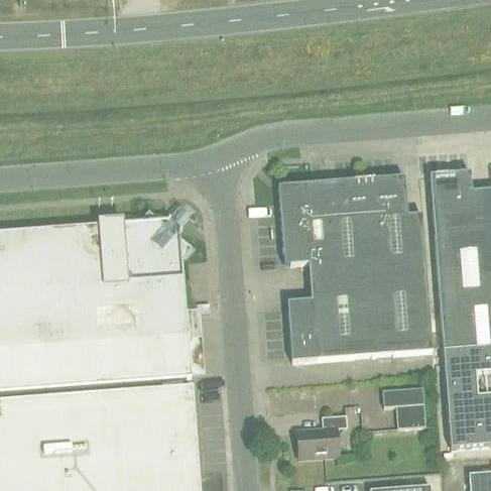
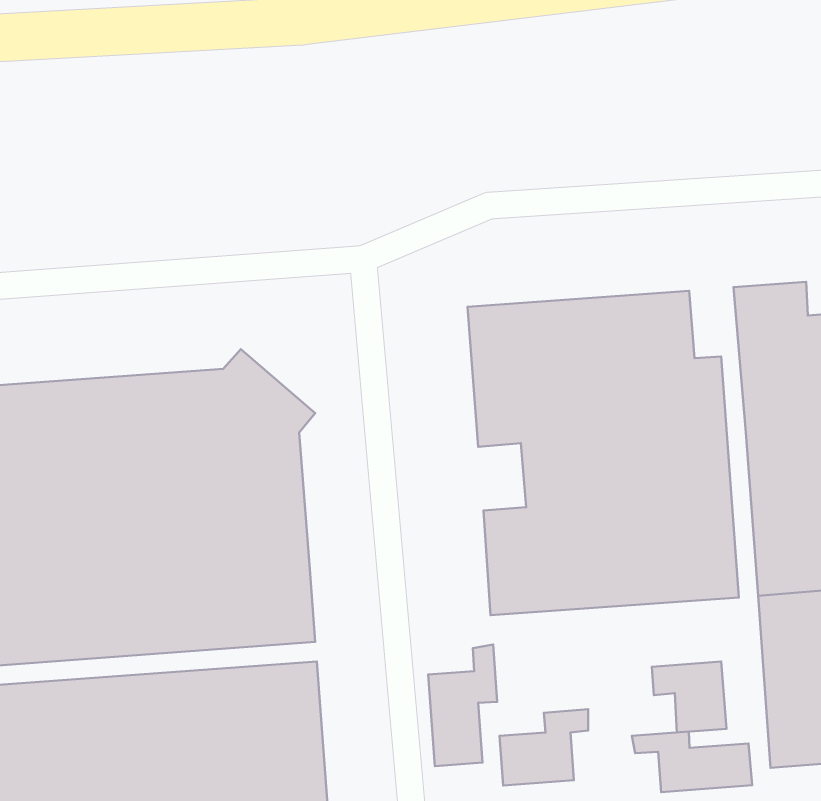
building: none -> [428,645,497,766]
building: none -> [632,731,752,792]

